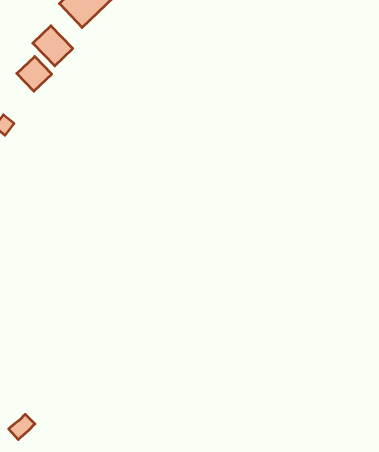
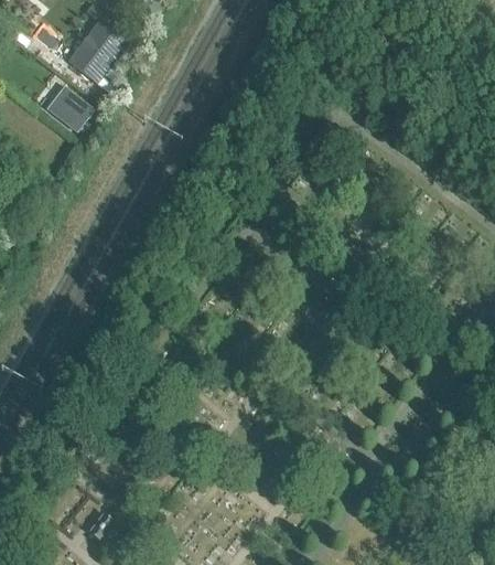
building: [17,56,52,91] -> none

